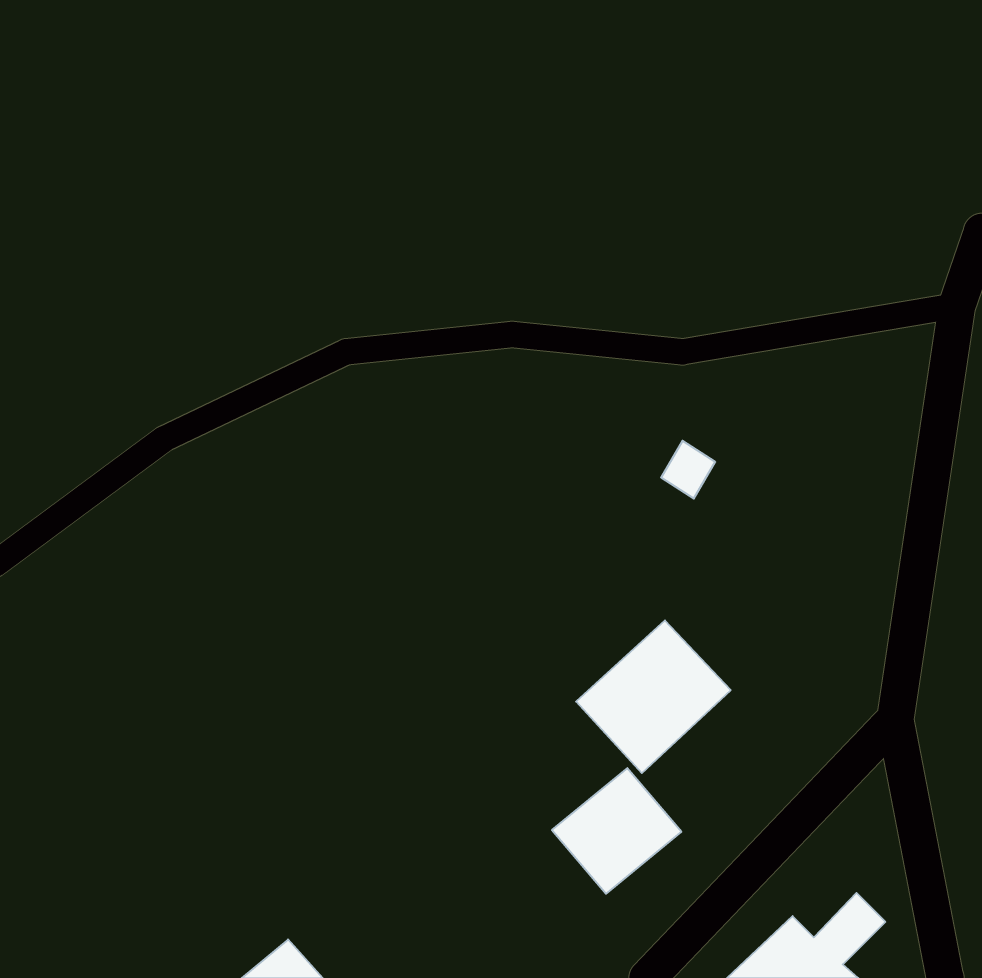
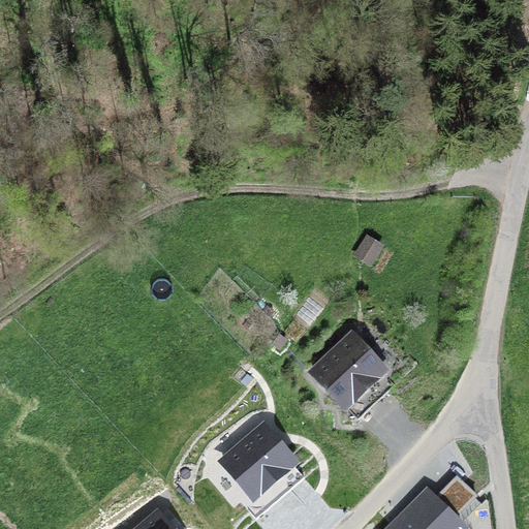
building: [552,768,681,894] -> [222,425,291,492]

